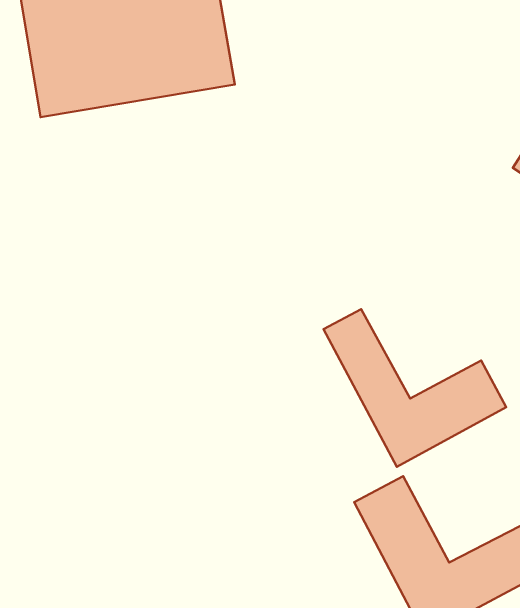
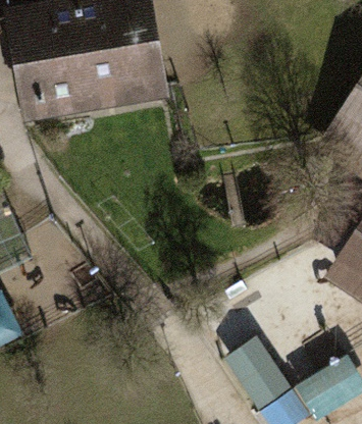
building: [323,309,506,467] -> none

